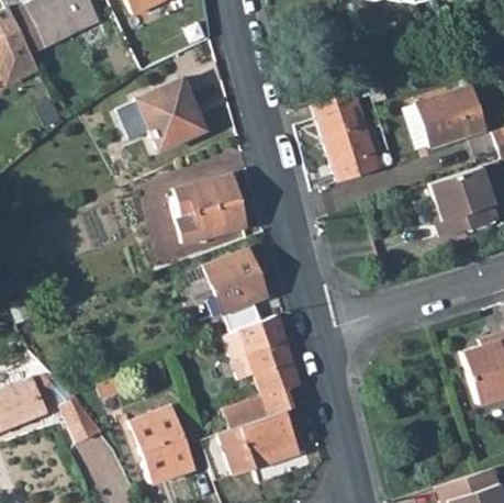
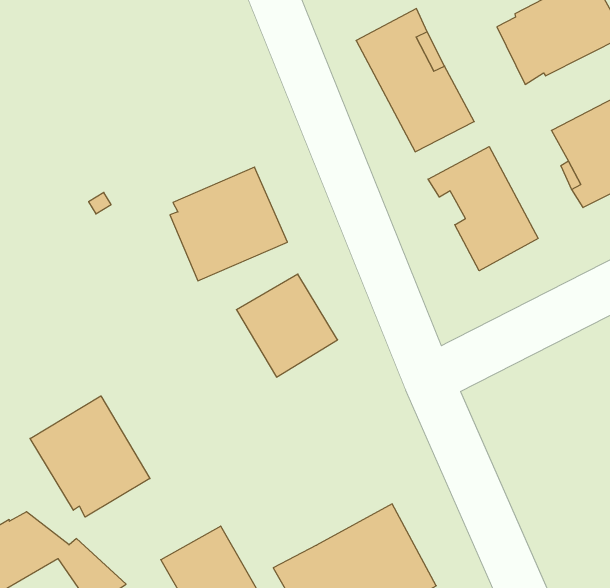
building: [121,78,199,149] -> none
building: none -> [428,147,538,271]
building: none -> [30,396,150,517]
building: [224,314,302,428] -> none

